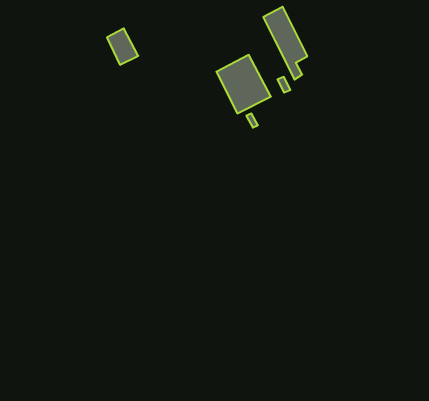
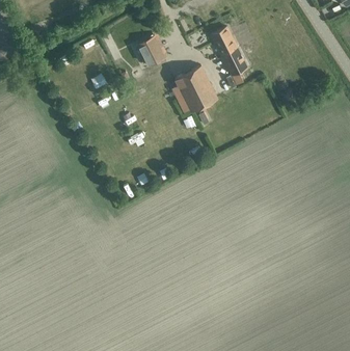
building: [107,28,138,65] -> [140,35,165,64]

